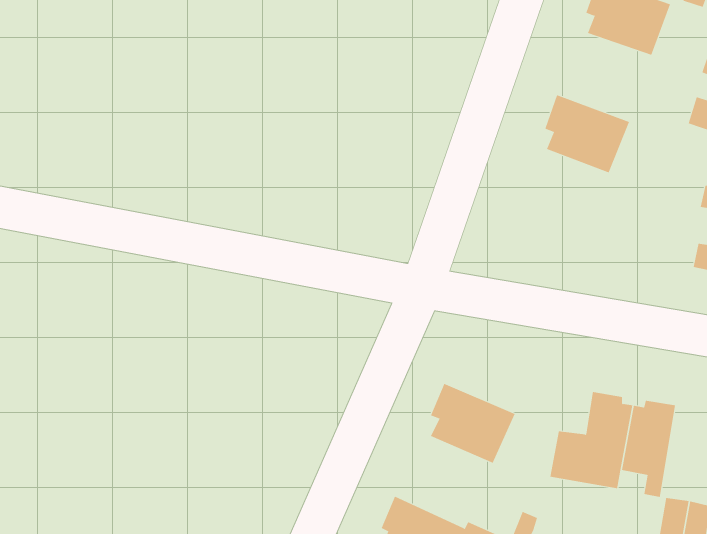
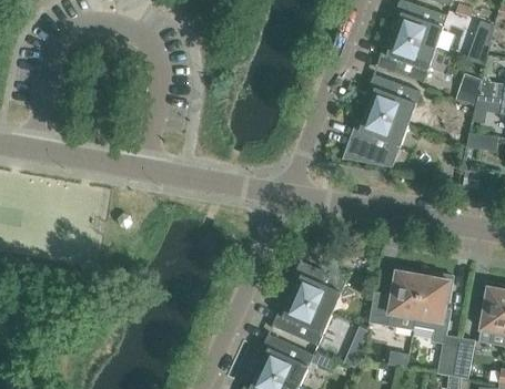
building: none -> [377,34,436,82]
building: none -> [343,110,408,167]
building: none -> [273,296,333,346]

